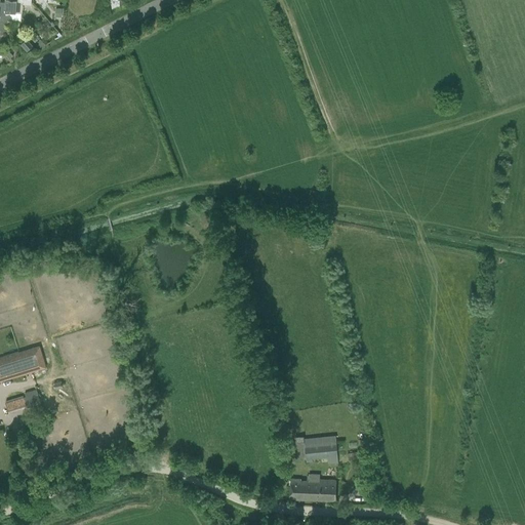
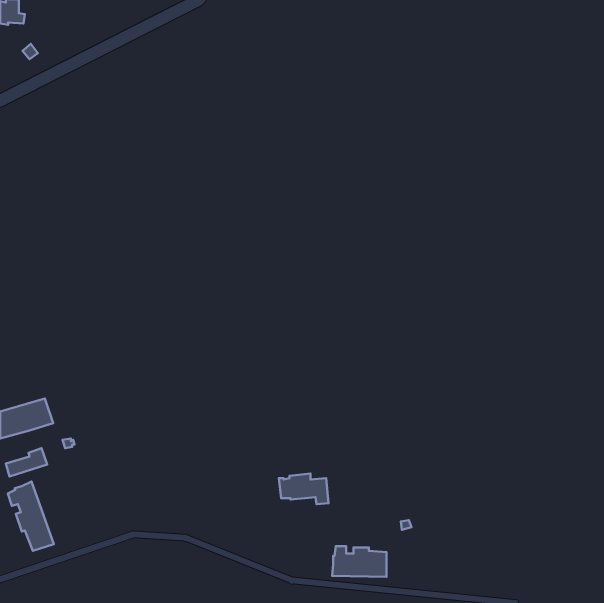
building: none -> [8,481,54,551]
building: [295,436,338,462] -> [279,474,328,504]

